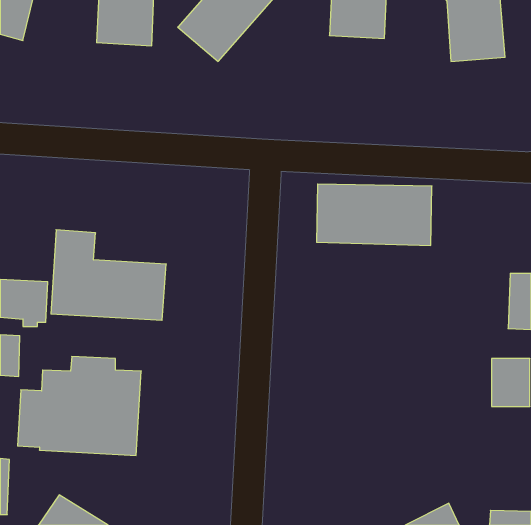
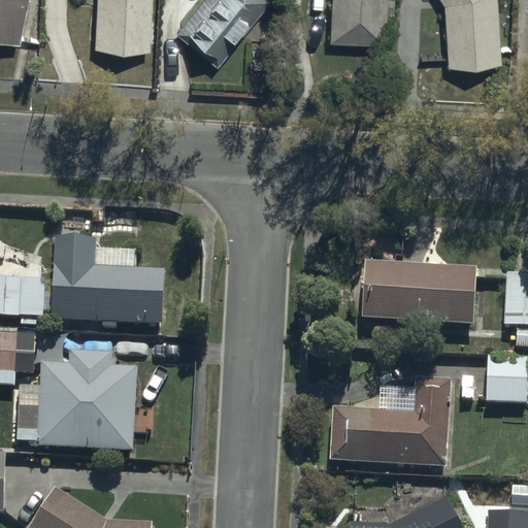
building: [317,184,432,245] -> [361,266,475,327]
building: none -> [329,378,452,469]

